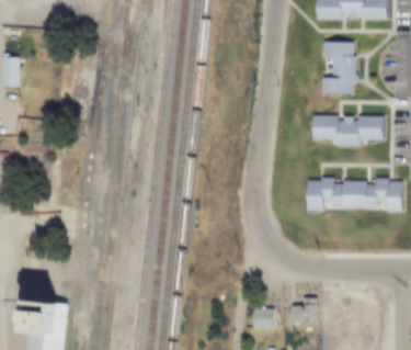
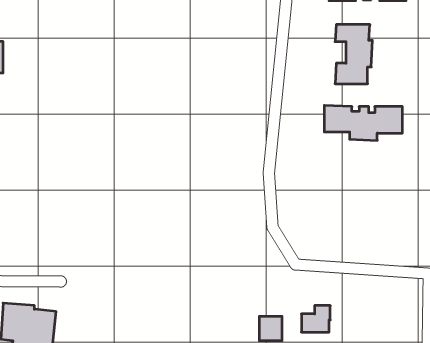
building: [307,177,402,212] -> none

